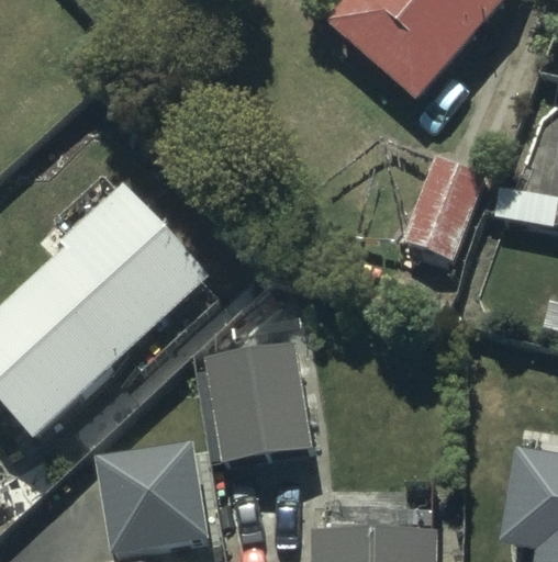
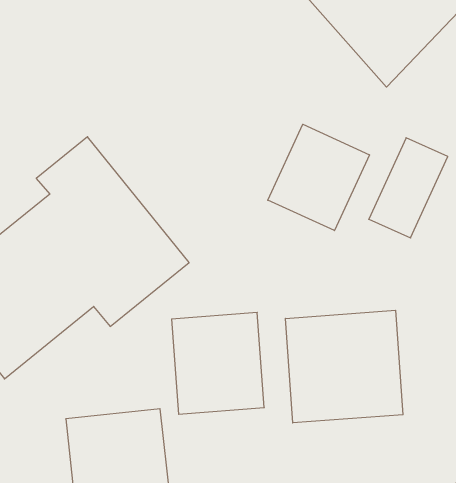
building: none -> [268,124,369,231]
building: none -> [285,310,403,423]

